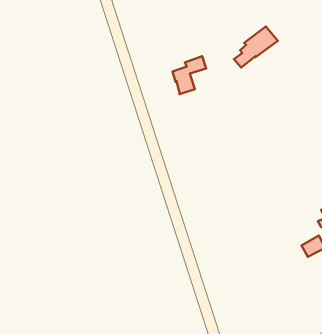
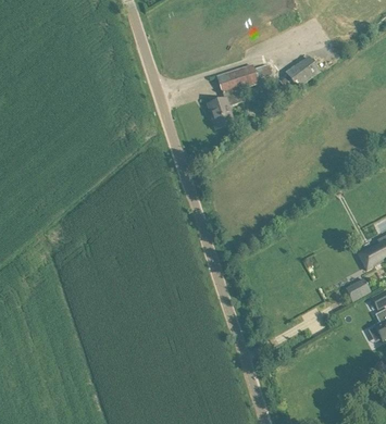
building: none -> [216,63,259,92]

